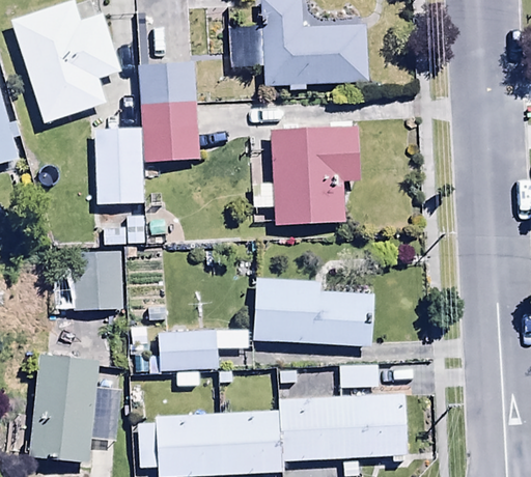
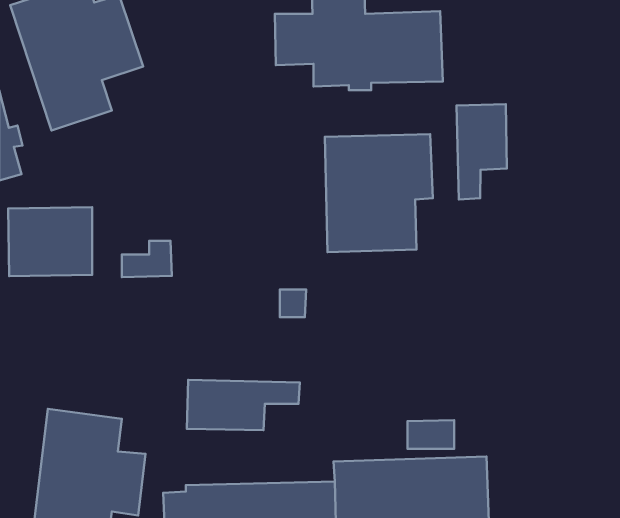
building: [95,63,197,205] -> none
building: none -> [457,104,507,199]
building: [55,252,124,309] -> [8,207,92,276]
building: [254,276,380,346] -> none

